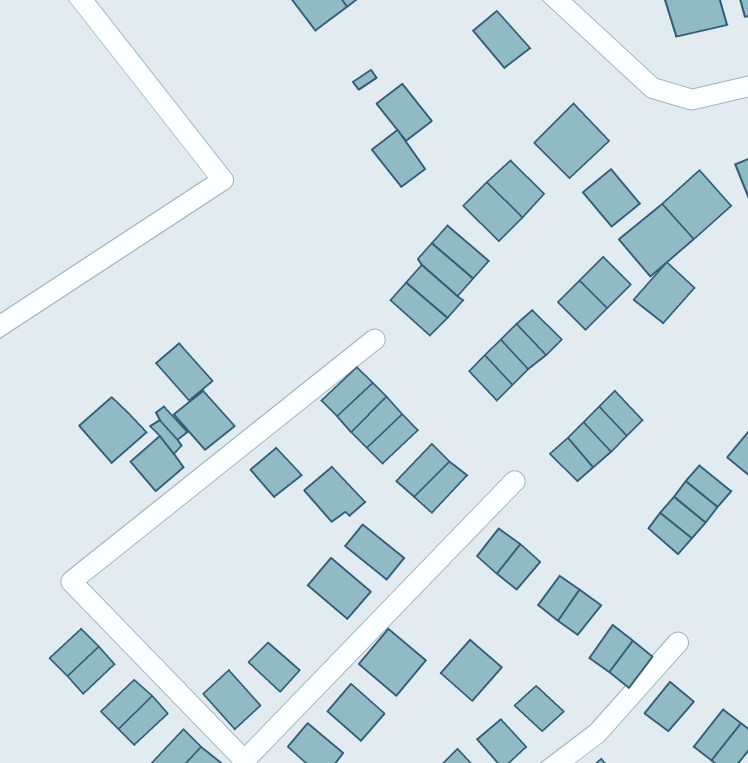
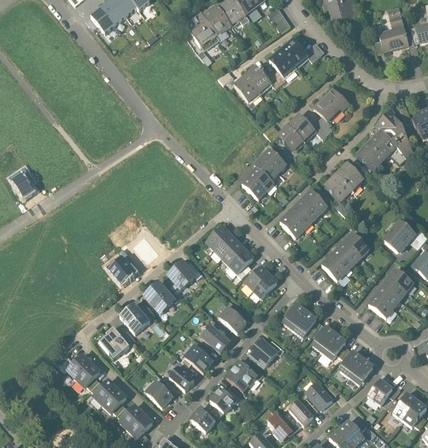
building: none -> [270,50,298,80]
building: [372,130,425,187] -> [246,67,273,96]
building: [583,169,640,227] -> none
building: [634,262,695,323] -> [384,222,415,253]
building: [156,343,212,401] -> none
building: [79,397,147,463] -> none
building: [304,467,365,522] -> [144,281,175,309]
building: none -> [117,300,149,331]
building: none -> [98,326,130,352]
building: none -> [182,339,214,369]
building: [441,640,502,701] -> [247,334,278,365]

